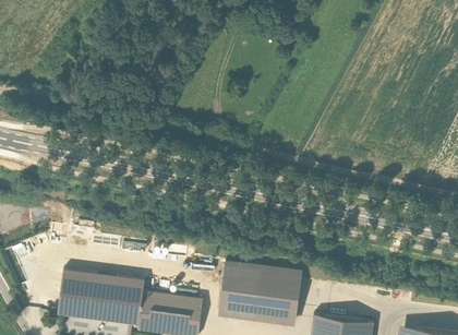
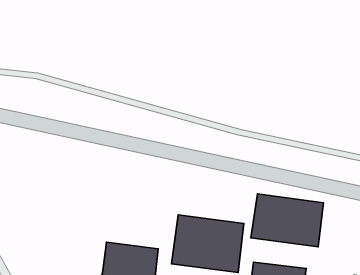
building: none -> [251,194,324,247]
building: [58,268,145,324] -> none

